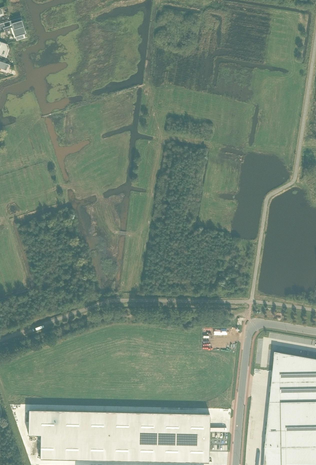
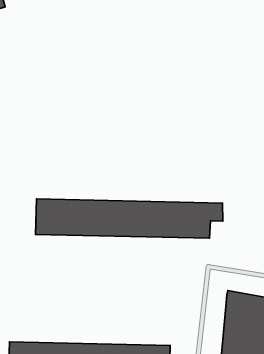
building: none -> [36,199,223,238]

